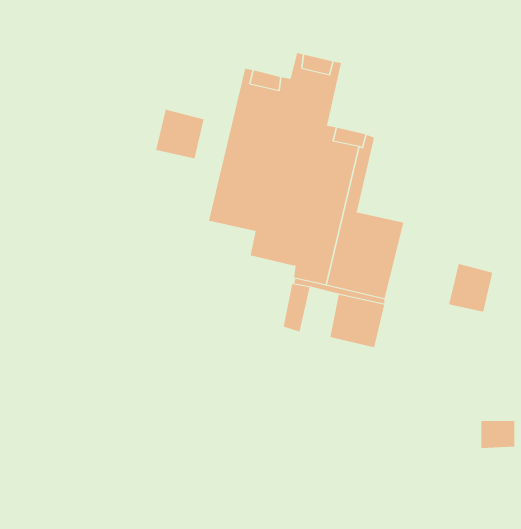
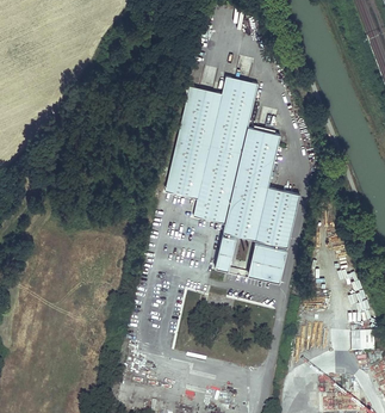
building: [156,109,204,159] -> none
building: [449,263,493,312] -> none

